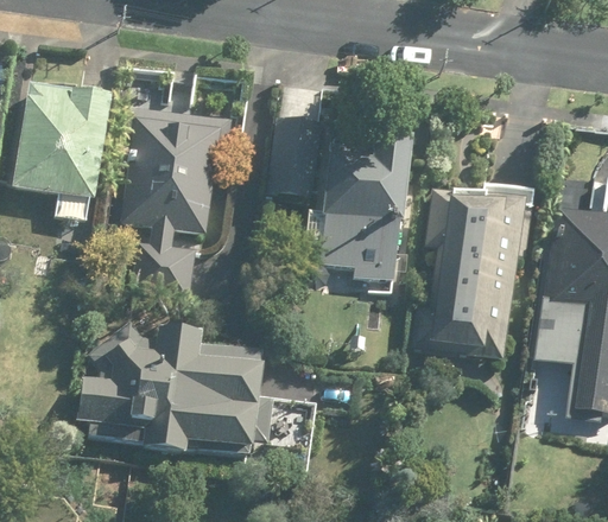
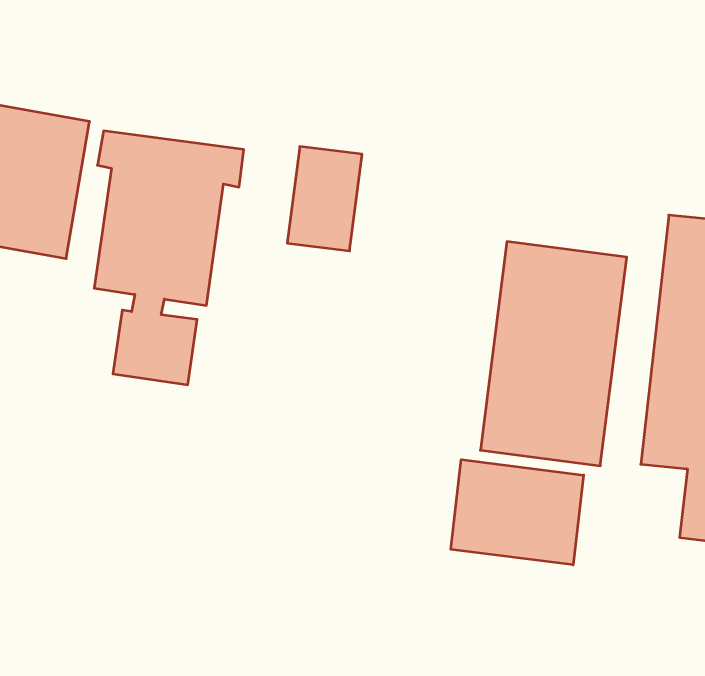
building: [318,123,417,281] -> none
building: [97,336,268,451] -> none
building: none -> [451,460,584,565]

